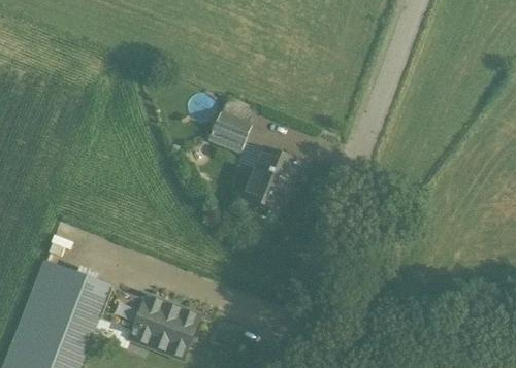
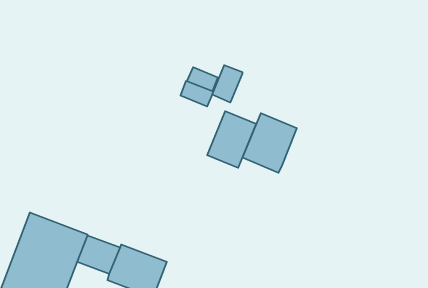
building: none -> [212,65,243,102]
building: none -> [242,113,297,173]

